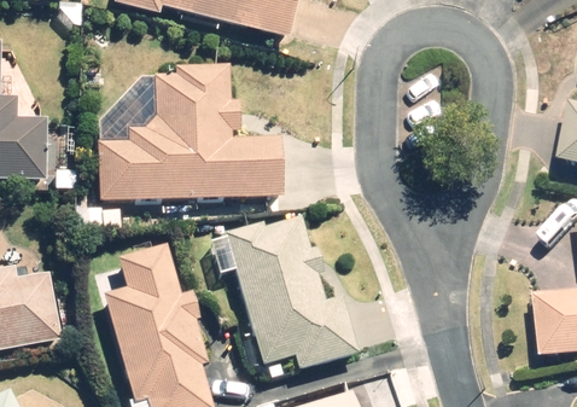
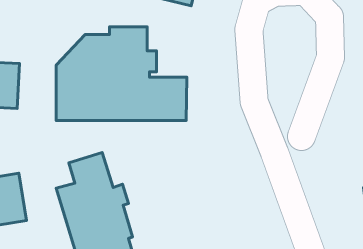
building: [221,215,360,371] -> none

